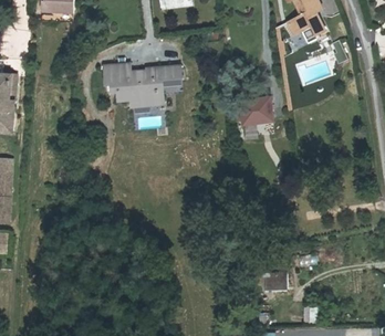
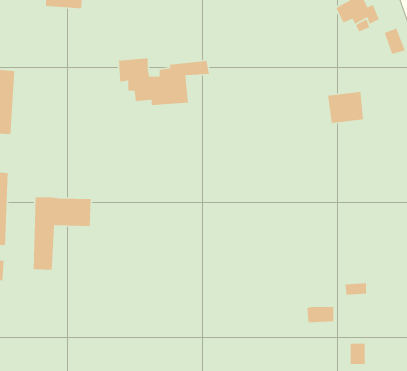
building: [237,96,268,124] -> [327,91,364,124]
building: none -> [33,197,91,271]

